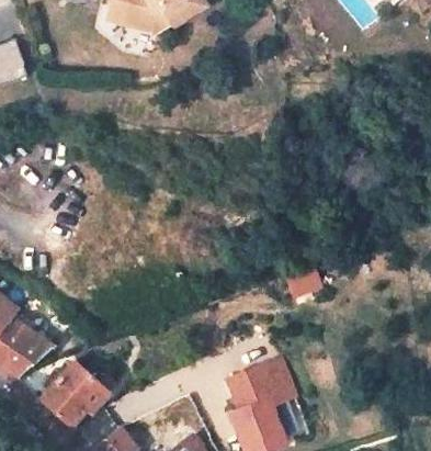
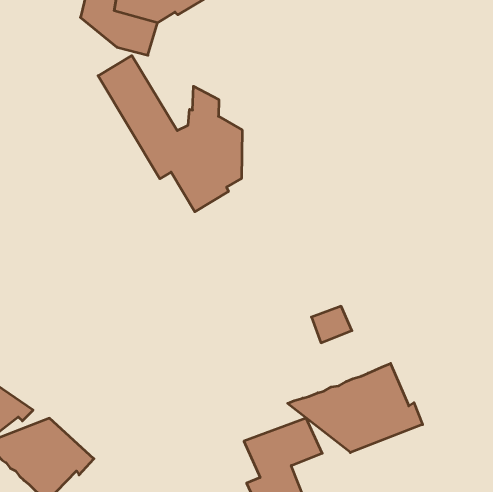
building: none -> [98,56,242,212]
building: none -> [288,363,423,453]

